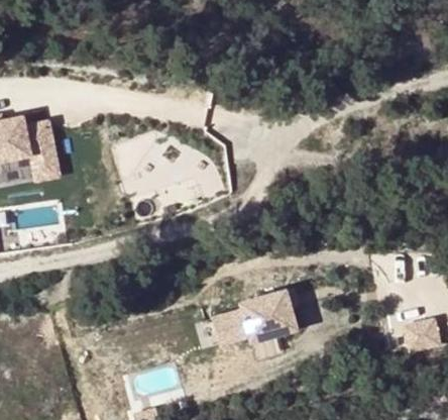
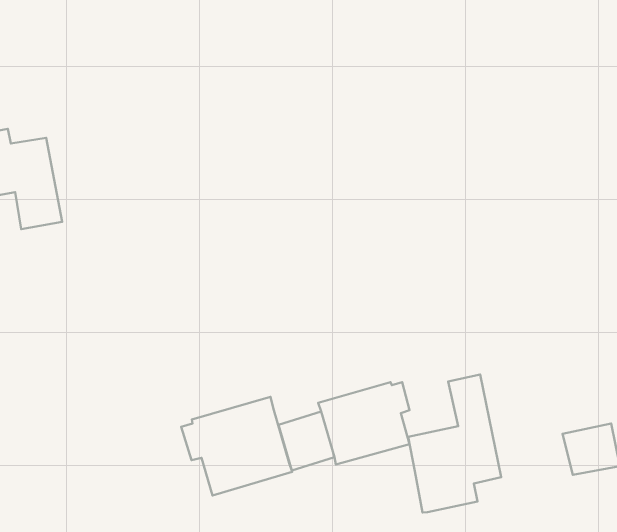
building: none -> [408,375,501,513]
building: none -> [181,397,292,495]

